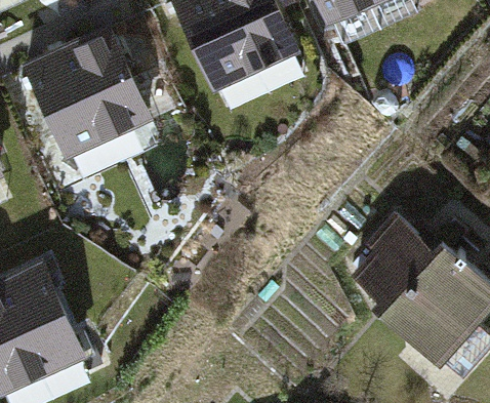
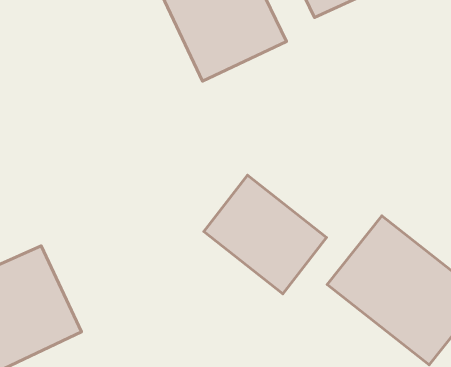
building: [26,30,155,159] -> none
building: none -> [204,175,327,294]

